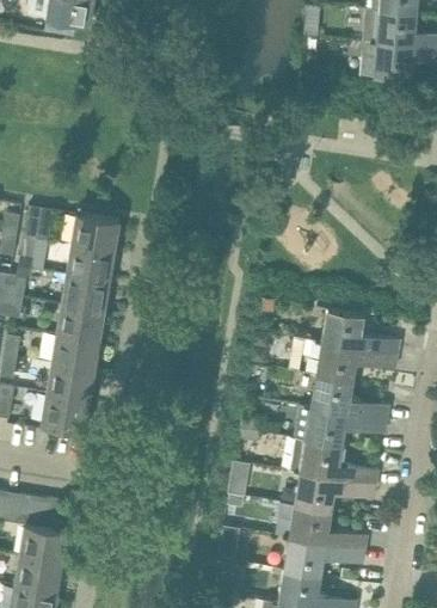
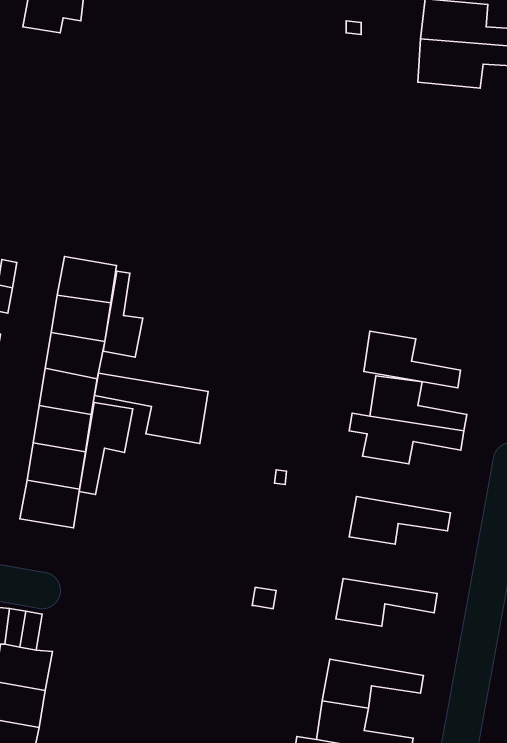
building: none -> [103,271,143,357]
building: none -> [95,373,208,444]
building: none -> [79,402,133,495]
building: [312,374,389,419] -> [364,331,461,388]
building: [289,437,378,484] -> none
building: [290,504,368,549] -> none

